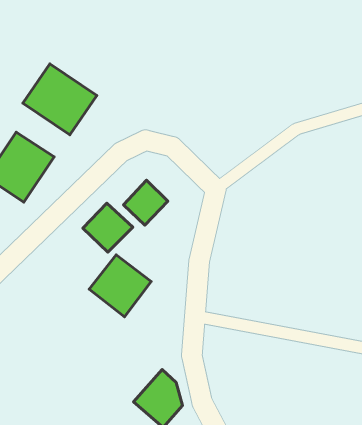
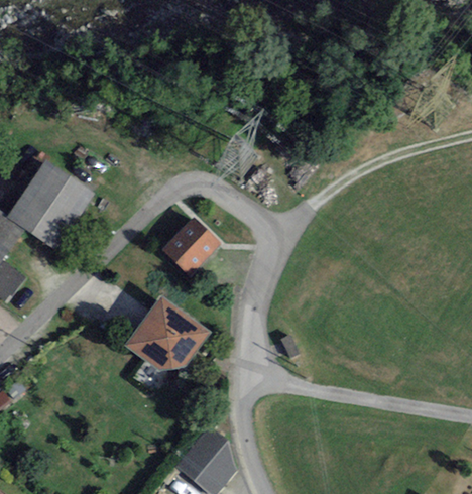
building: [23,64,97,135] -> none
building: [83,203,133,252] -> none

